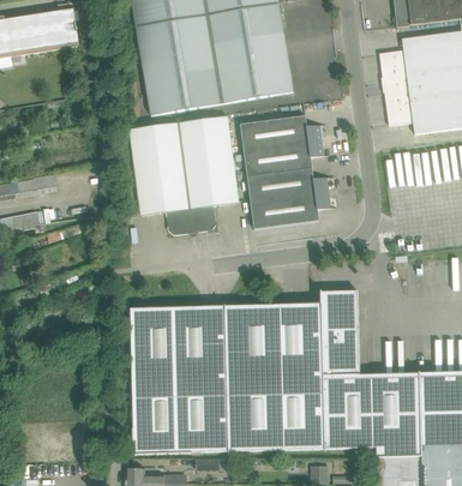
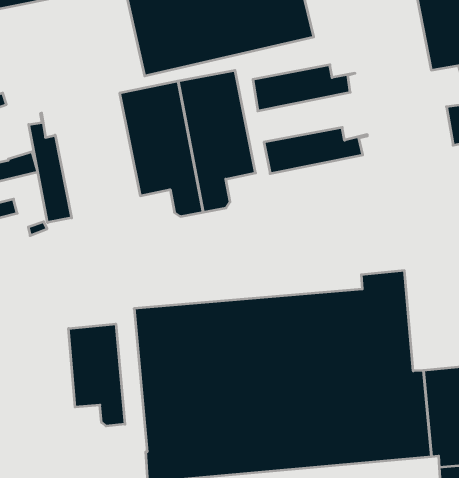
building: [244,139,330,176] -> none
building: none -> [29,113,72,223]
building: [251,192,337,228] -> none
building: none -> [69,324,125,426]

